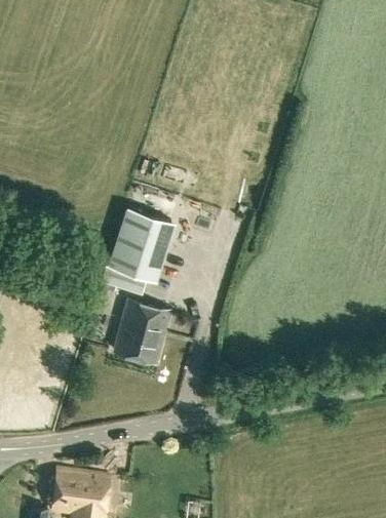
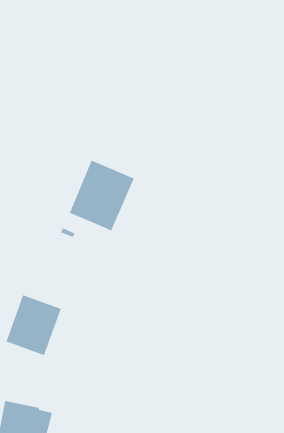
building: [114,301,170,364] -> [5,294,62,356]

